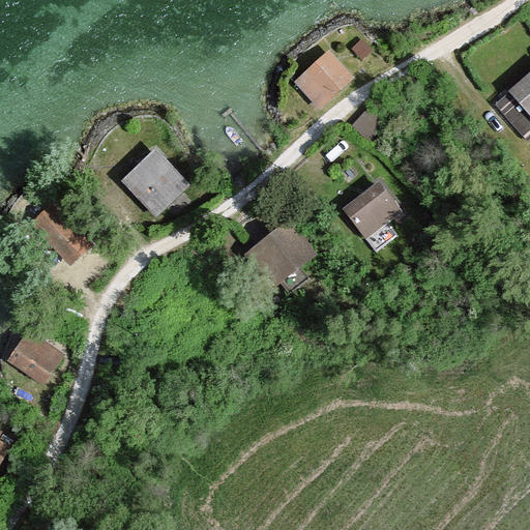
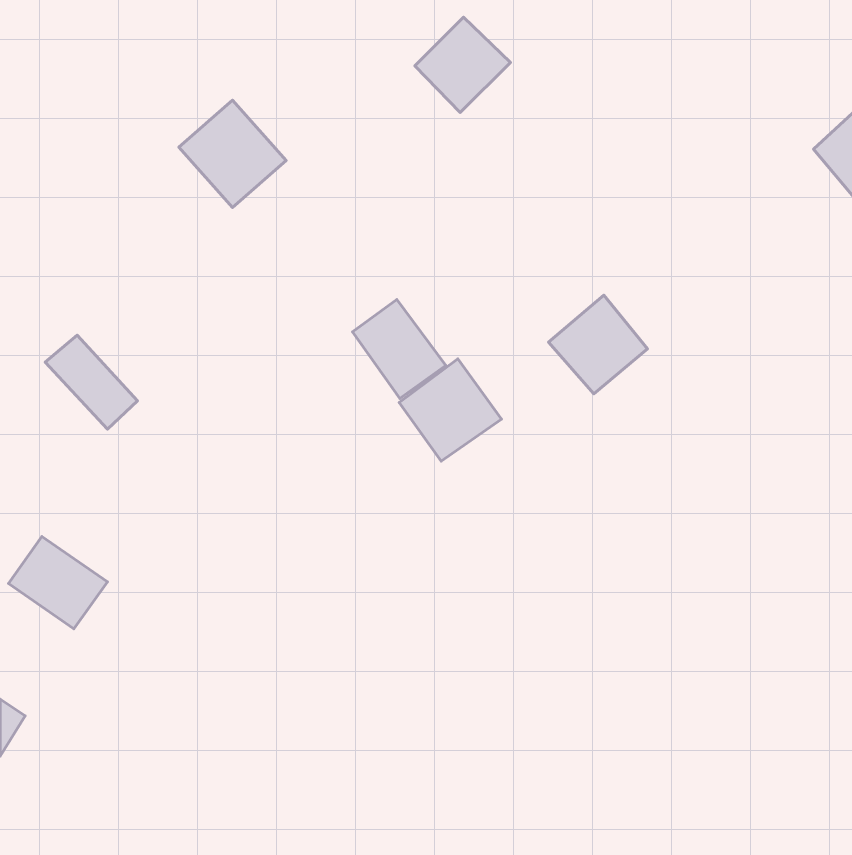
building: [298,49,357,108] -> [415,17,510,113]
building: [116,150,182,216] -> [179,100,286,207]
building: none -> [352,300,446,399]

